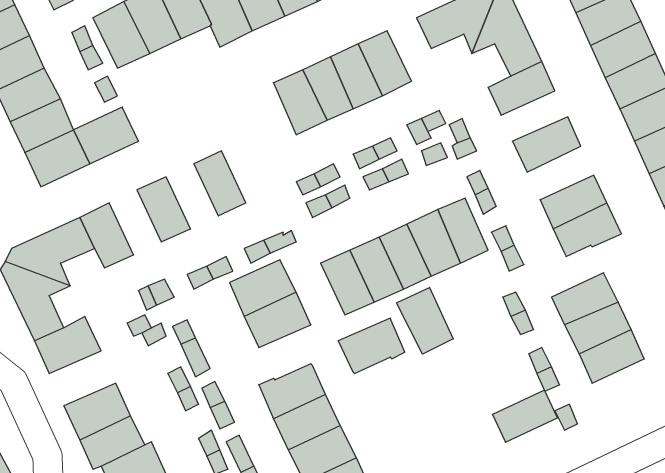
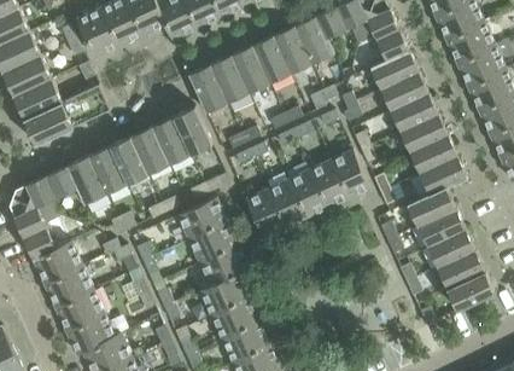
building: none -> [294,17,333,64]
building: none -> [188,65,227,114]
building: none -> [379,71,428,109]
building: none -> [171,106,211,155]
building: none -> [398,112,448,152]
building: none -> [130,126,169,174]
building: none -> [88,145,127,193]
building: none -> [407,186,455,225]
building: [396,287,453,354] -> none
building: [338,318,405,373] -> [199,245,249,286]
building: none -> [43,265,93,306]
building: [492,390,558,442] -> [446,271,495,309]

